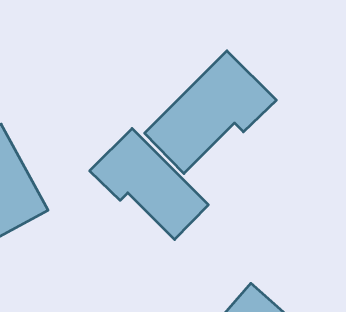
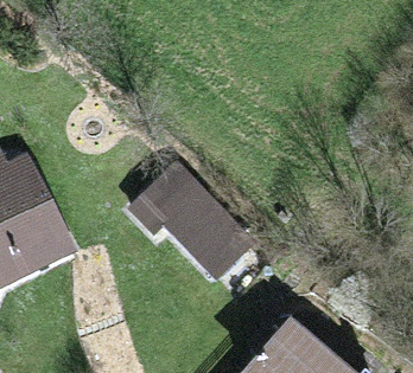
building: [145,51,276,174] -> none

